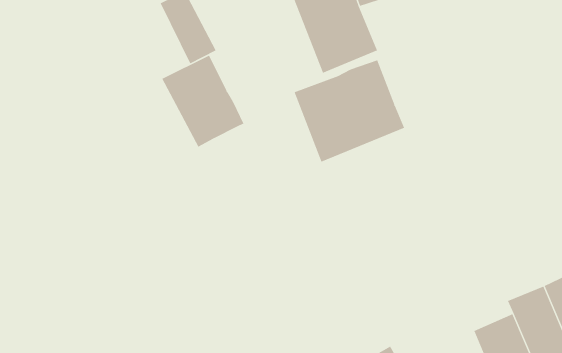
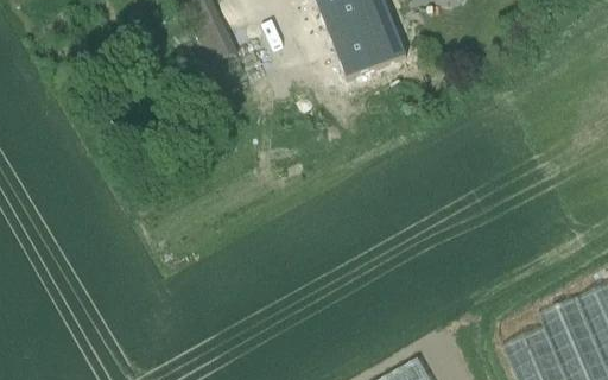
building: [162,55,244,147] -> none
building: [294,59,405,163] -> none

